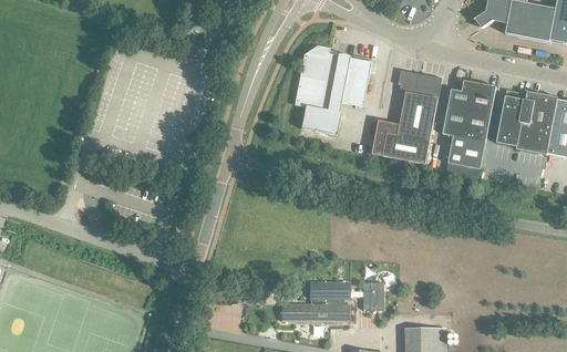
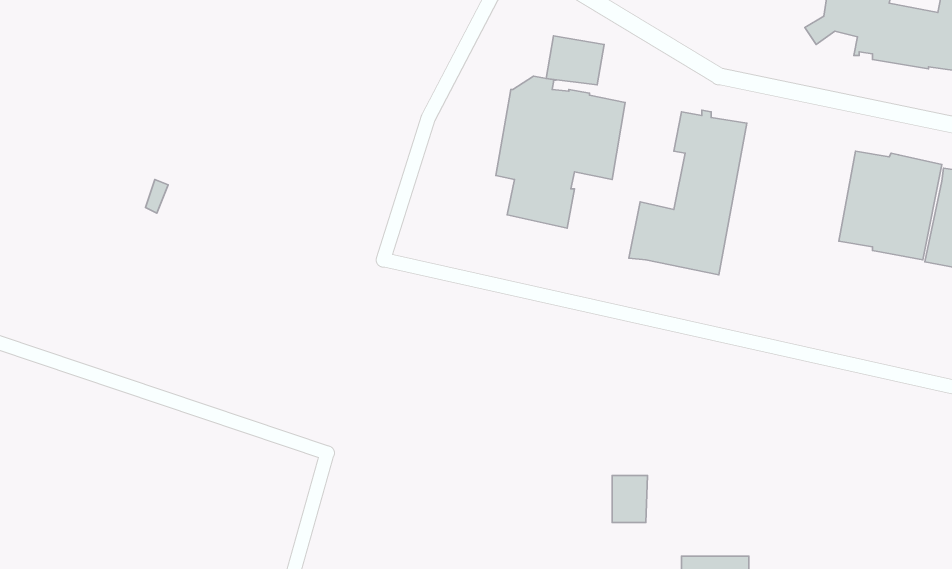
building: none -> [546,36,604,85]
building: [443,80,497,169] -> none
building: [282,281,350,320] -> none

